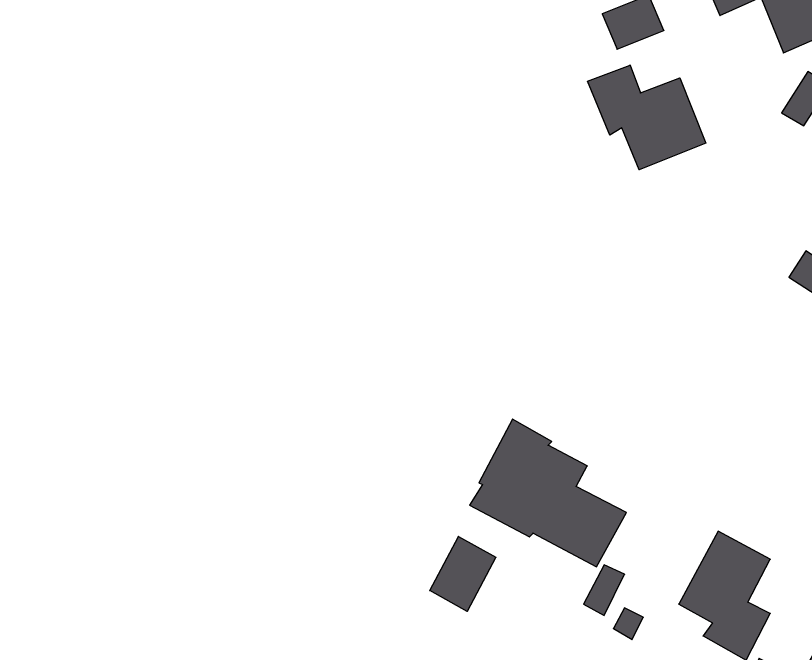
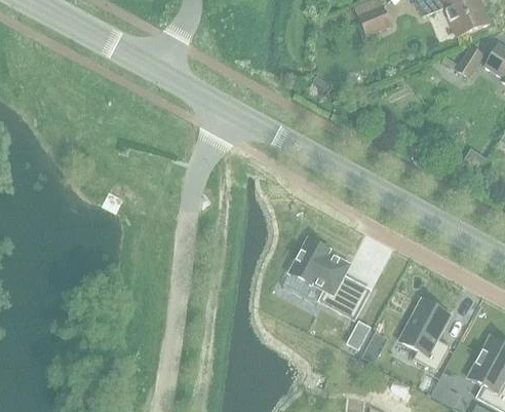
building: [587,65,706,170] -> none
building: [430,536,496,611] -> none

